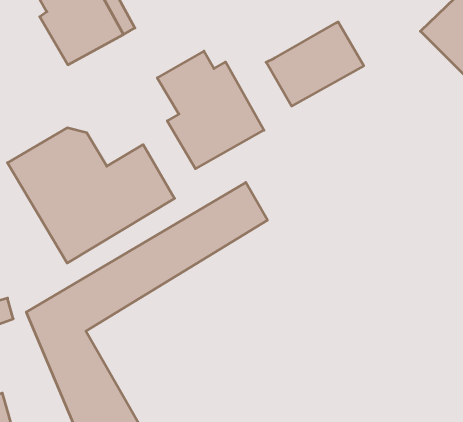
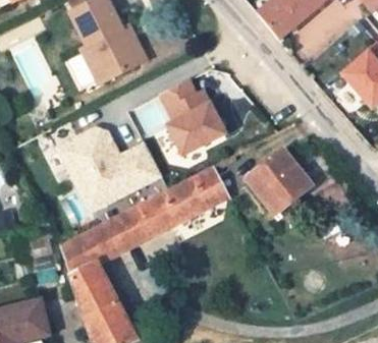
building: [266,22,364,106] -> none
building: none -> [248,152,310,214]

